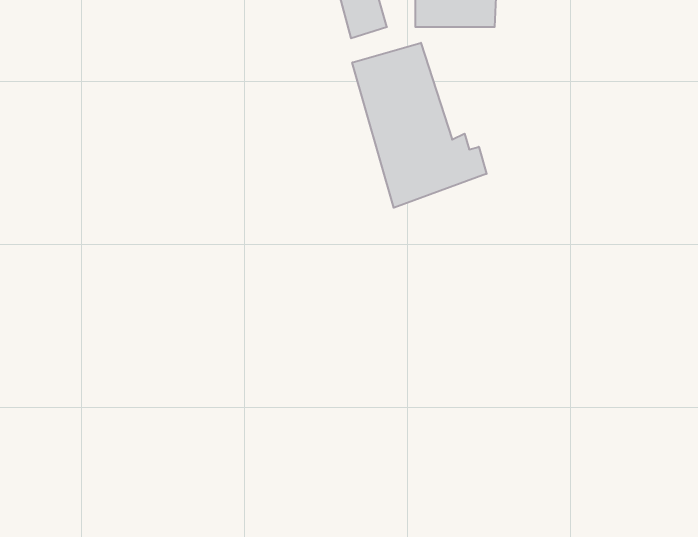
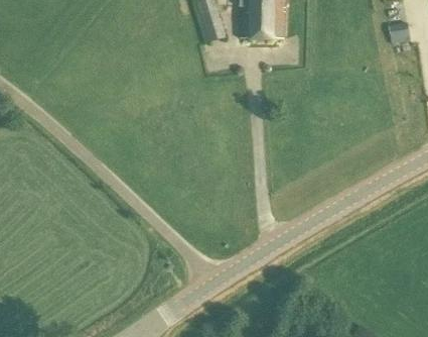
building: [352,43,487,208] -> none

